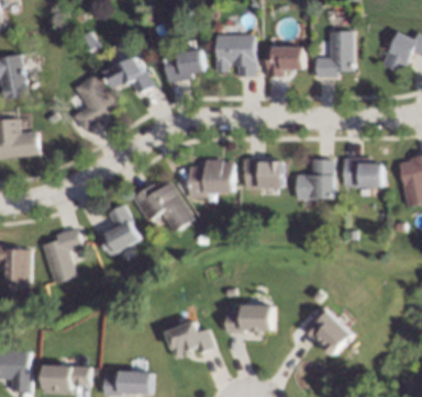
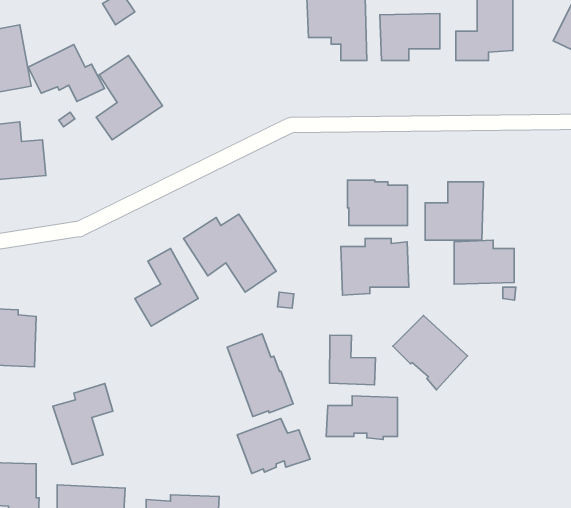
building: [162,47,204,82] -> none
building: [103,55,155,93] -> [28,45,104,101]
building: [343,157,384,186] -> [454,240,514,284]
building: [187,159,233,197] -> [341,239,409,295]
building: [41,228,81,283] -> [53,384,113,465]
building: none -> [227,334,293,417]
building: none -> [330,335,375,385]
building: [304,306,355,356] -> [393,315,467,390]

